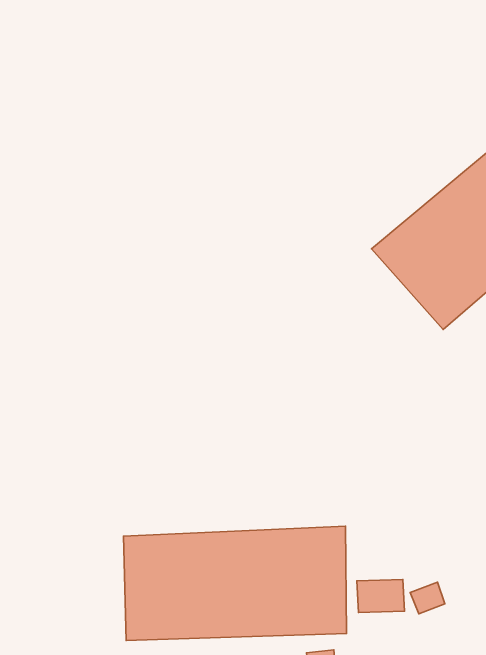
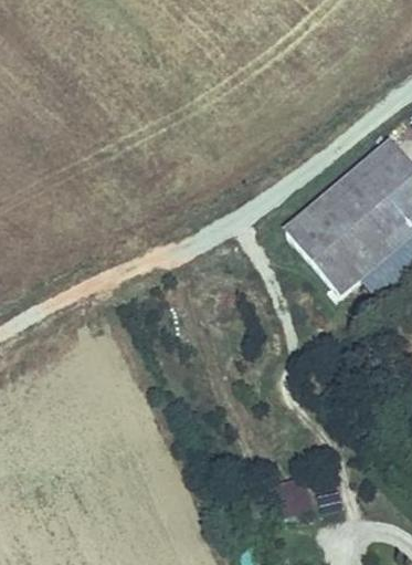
building: [124,526,347,640] -> none

